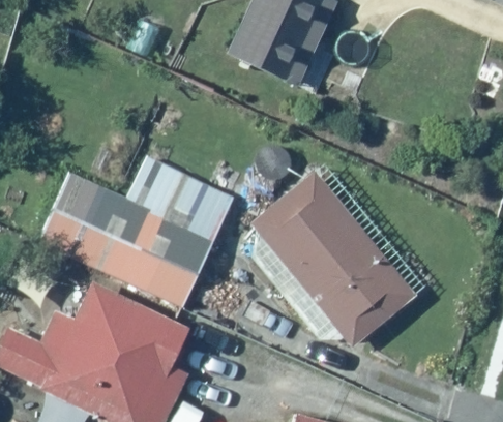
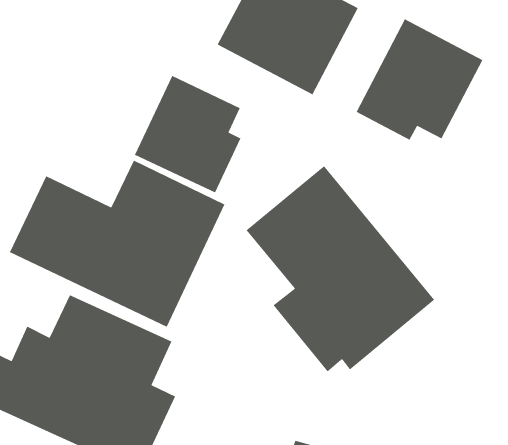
building: none -> [355,18,484,141]
building: none -> [134,75,242,193]

